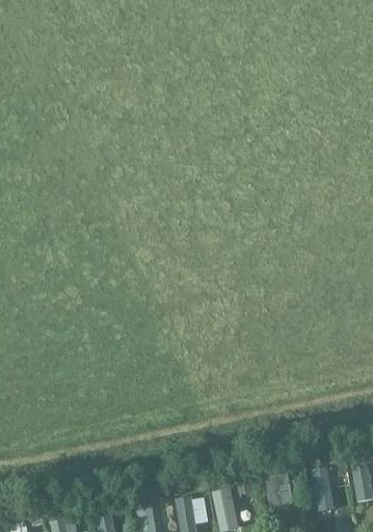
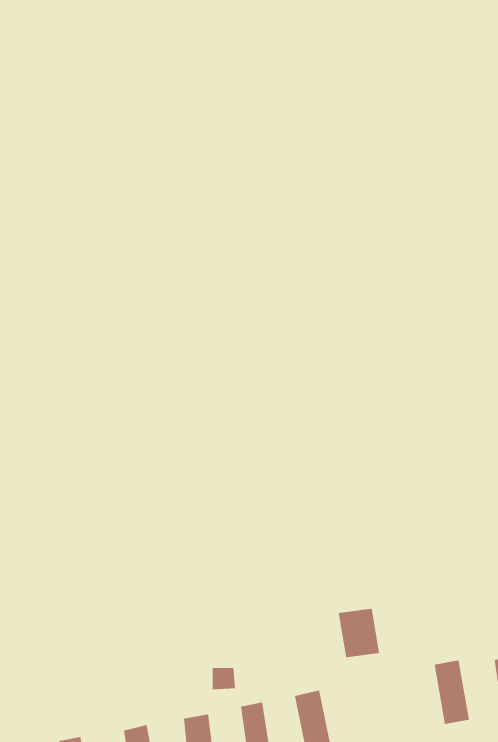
building: [264,475,293,509] -> [338,608,380,658]

